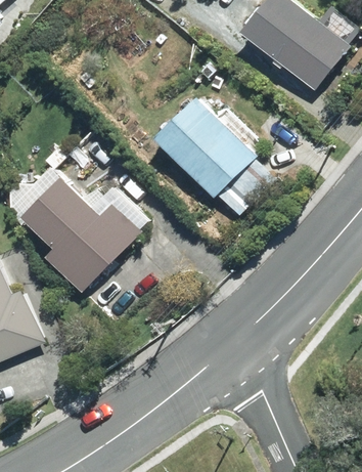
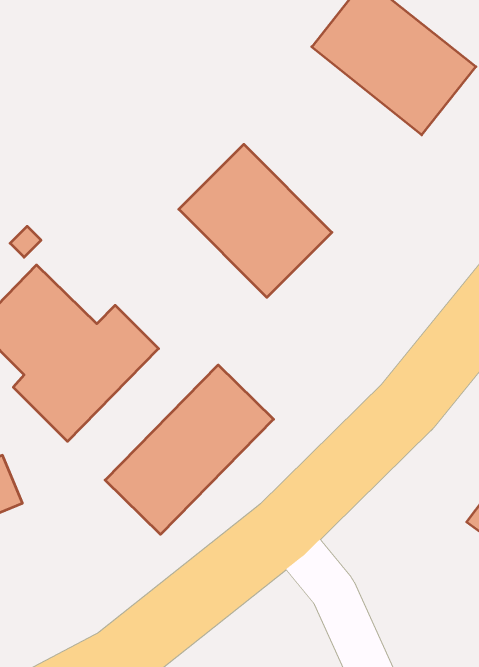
building: none -> [105,365,274,534]

